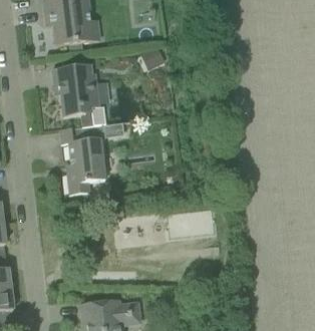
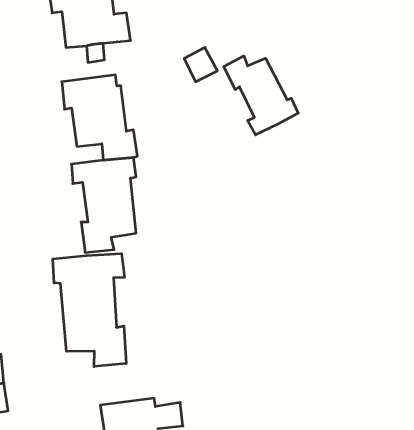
building: none -> [224,56,298,135]
building: none -> [53,254,126,367]

